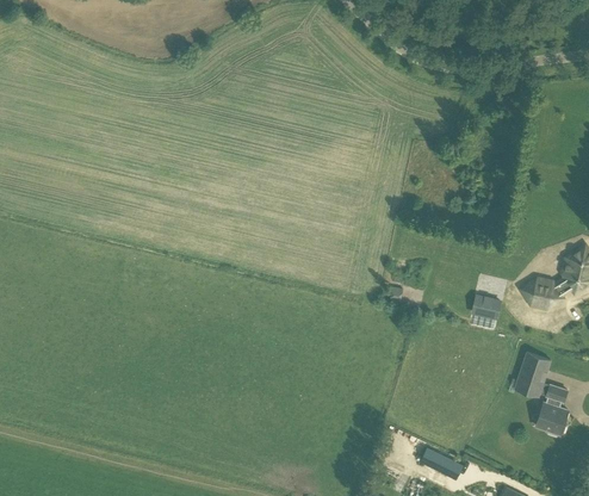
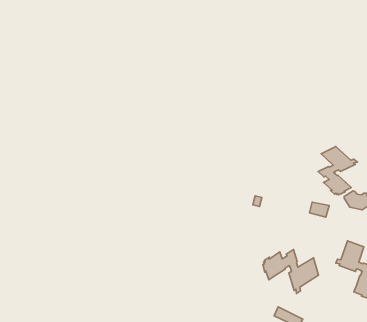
building: none -> [318,147,357,195]
building: none -> [263,249,319,294]

